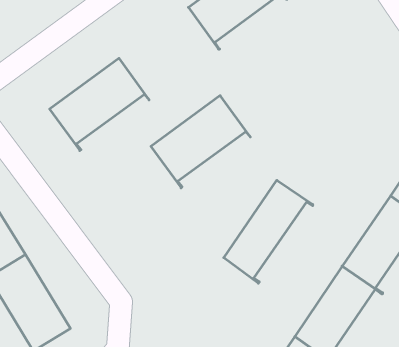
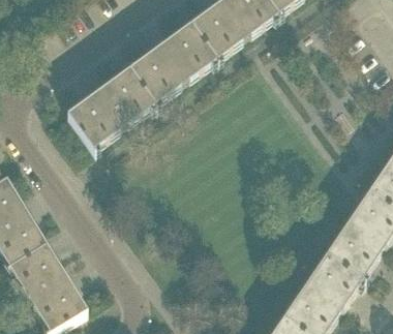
building: [151,96,250,188] -> [129,23,218,105]
building: [224,180,313,283] -> none

